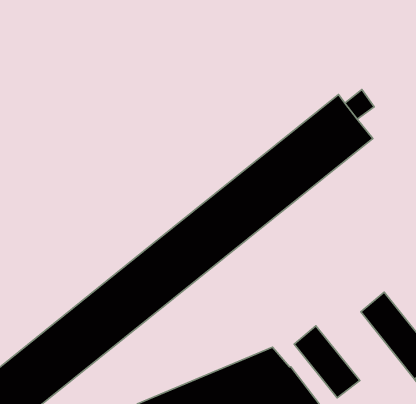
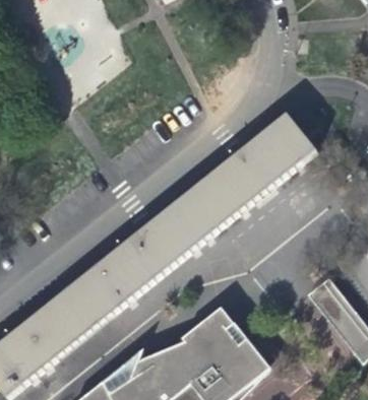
building: [294,326,360,398] -> none

